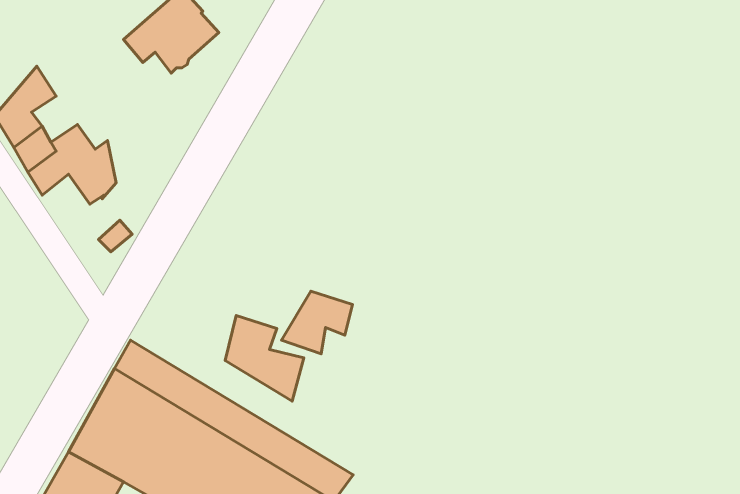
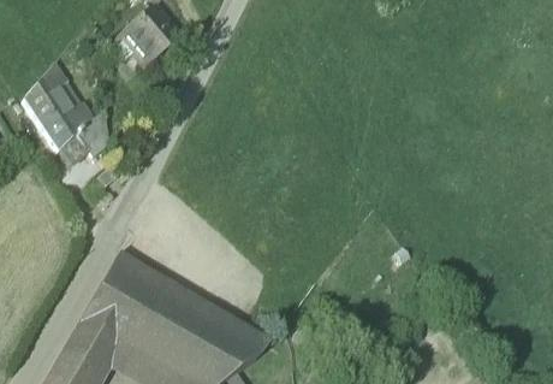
building: [281,291,353,354] -> none
building: [225,315,304,401] -> none

